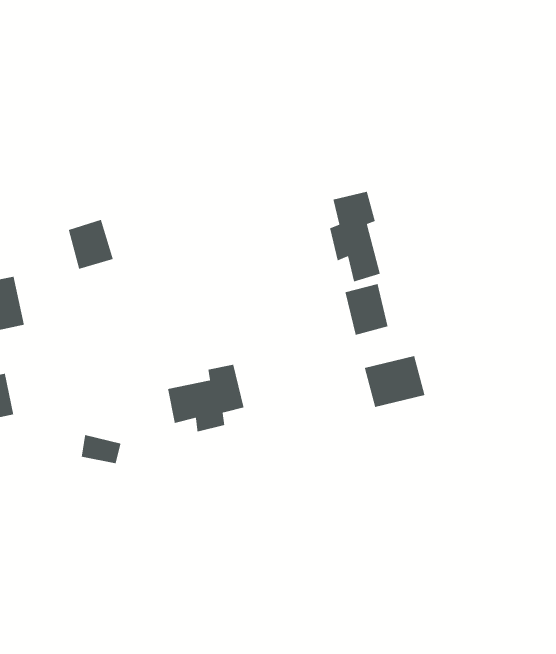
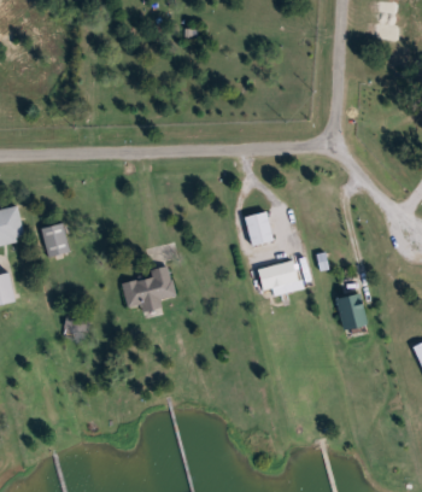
building: [329,191,381,282] -> none
building: [68,219,114,270] -> [40,223,71,258]
building: none -> [336,294,367,332]

